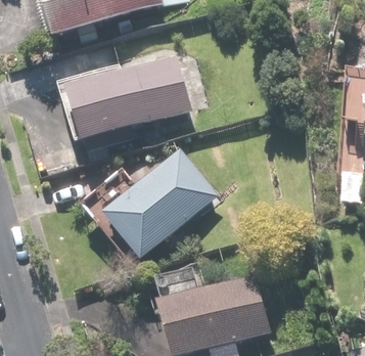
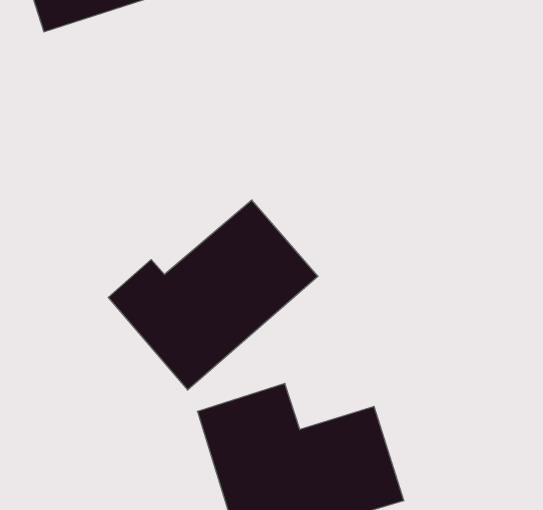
building: [59,55,193,145] -> none

